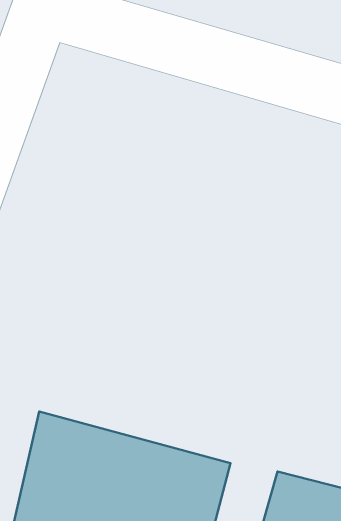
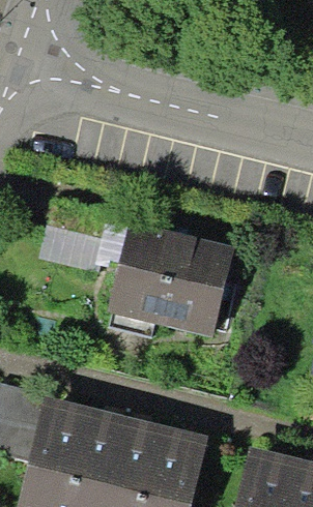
building: none -> [108,225,230,335]

